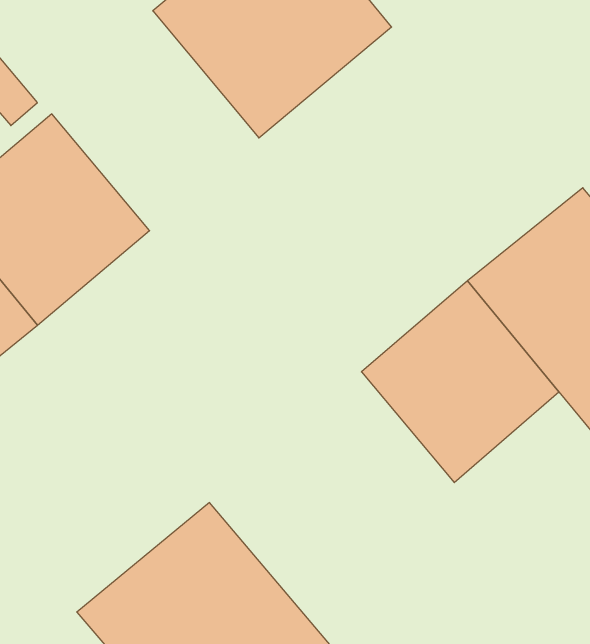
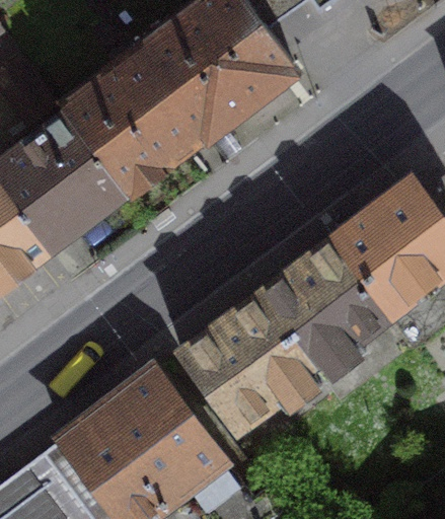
building: none -> [60,48,200,192]
building: none -> [179,292,315,427]

